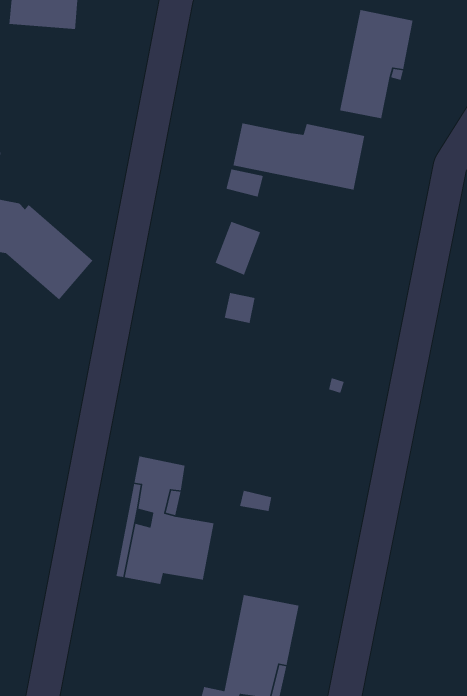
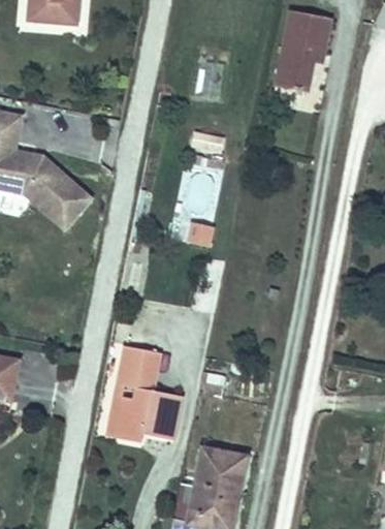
building: [232,122,365,190] -> none

